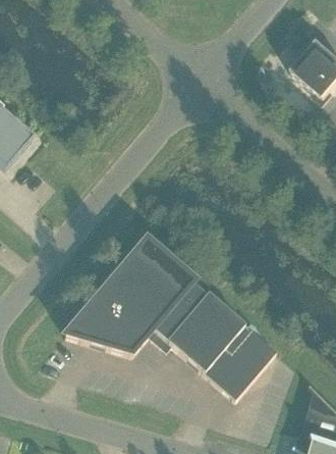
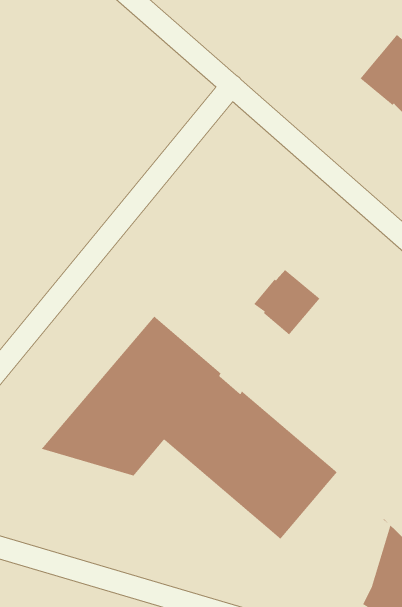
building: none -> [253,269,321,336]

